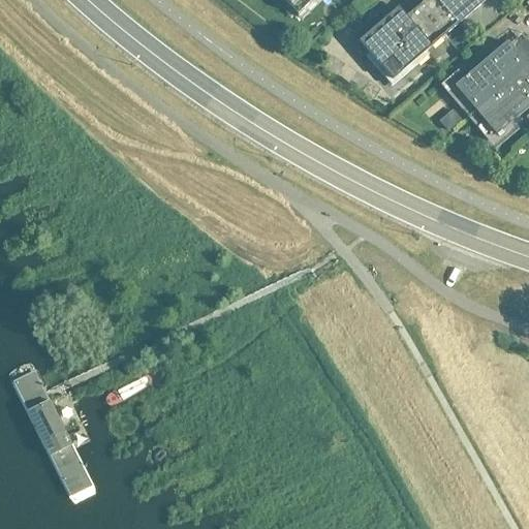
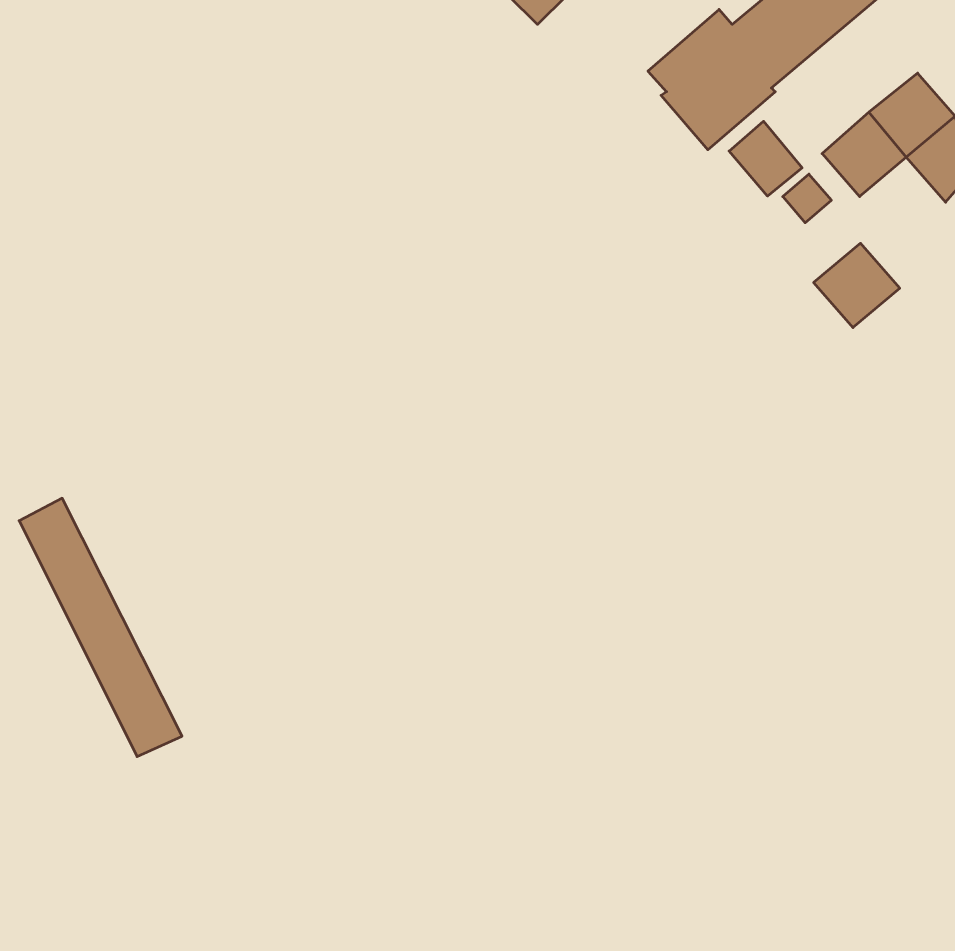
building: none -> [729,121,802,196]
building: [475,87,523,133] -> [814,243,900,328]
building: [6,359,96,501] -> [19,498,182,757]

